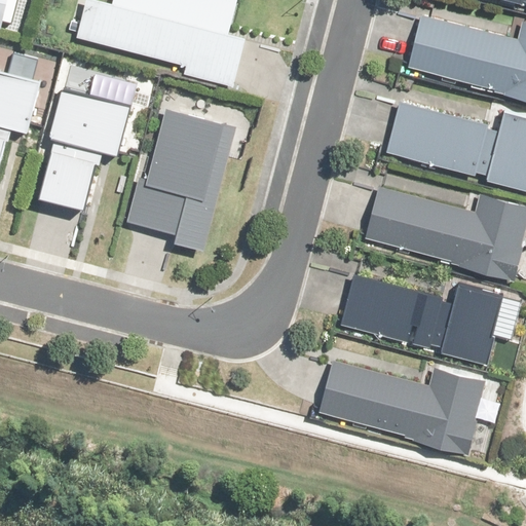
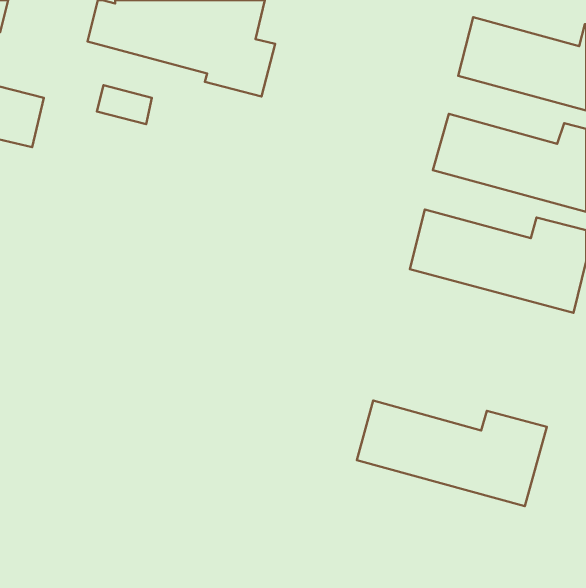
building: [30,93,123,206] -> none
building: [127,111,236,251] -> none
building: [341,275,504,366] -> none

